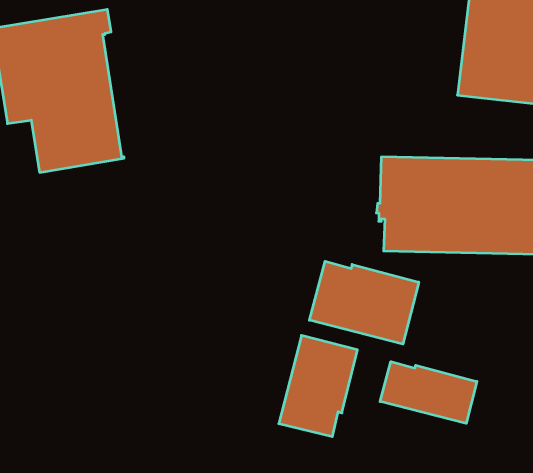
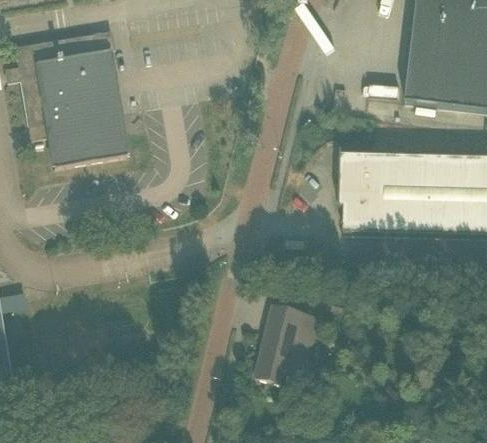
building: [309,261,419,344] -> none
building: [380,362,477,423] -> none

